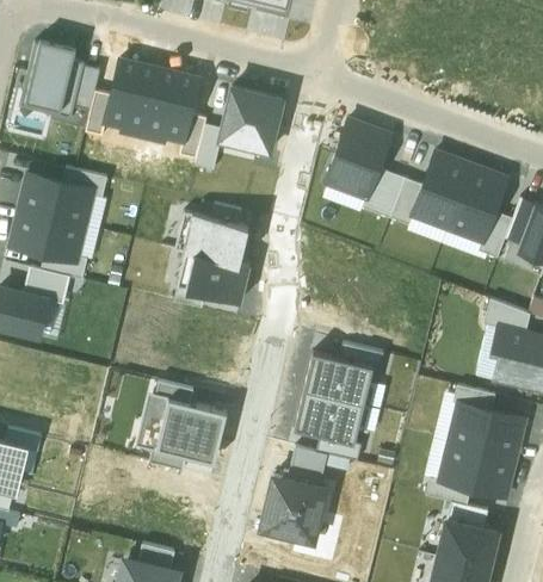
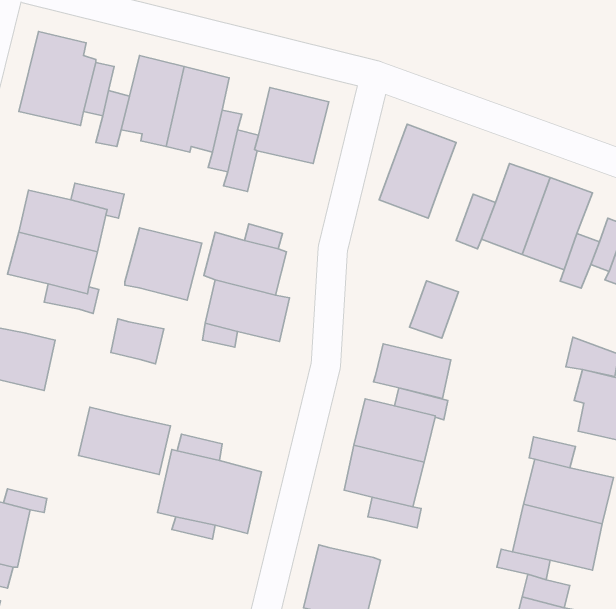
building: [364,168,406,217] -> [410,281,459,338]
building: none -> [125,228,202,300]
building: [25,267,70,305] -> [111,319,164,364]
building: none -> [374,344,451,398]
building: none -> [79,407,170,474]
building: [283,446,328,487] -> none

